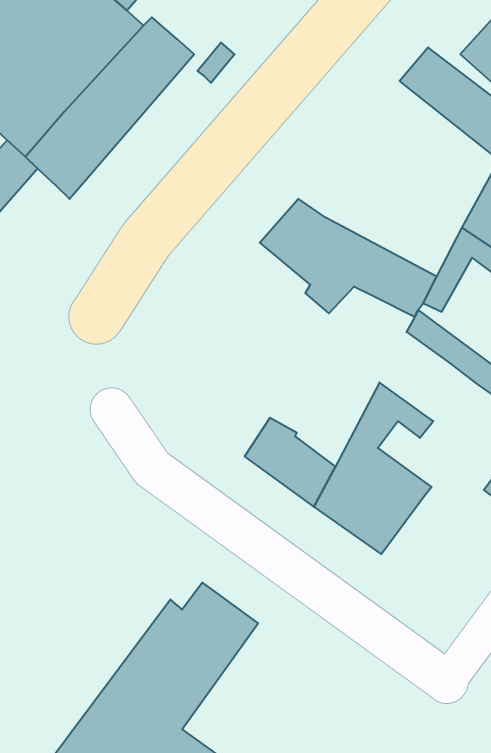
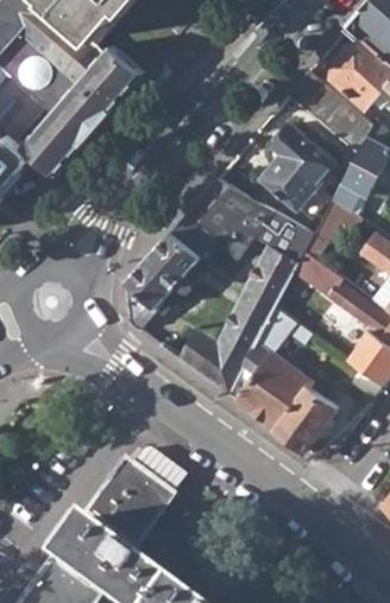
building: none -> [260,122,335,207]
building: none -> [127,214,214,329]
building: none -> [215,245,300,364]
building: none -> [276,385,336,449]

